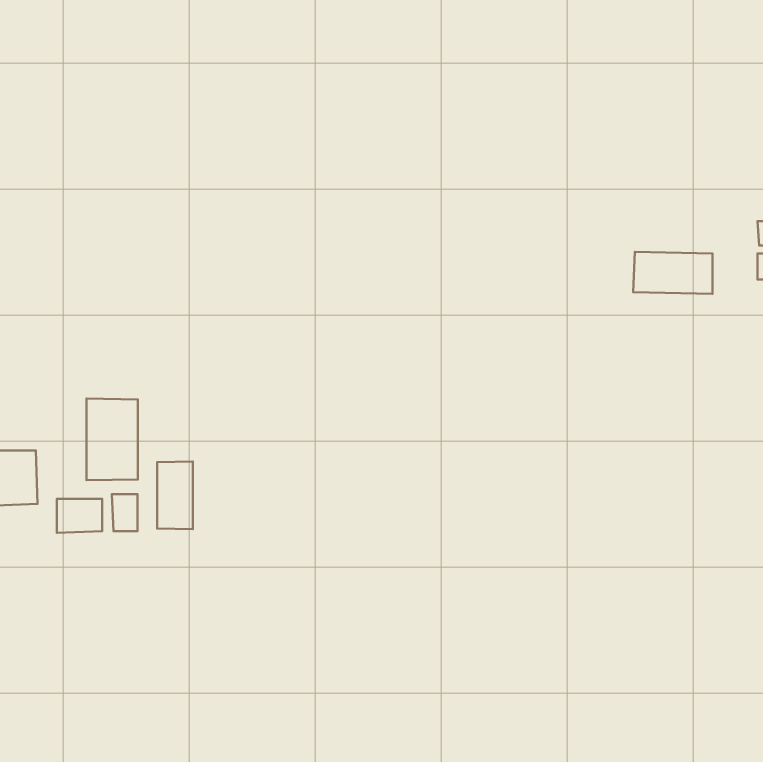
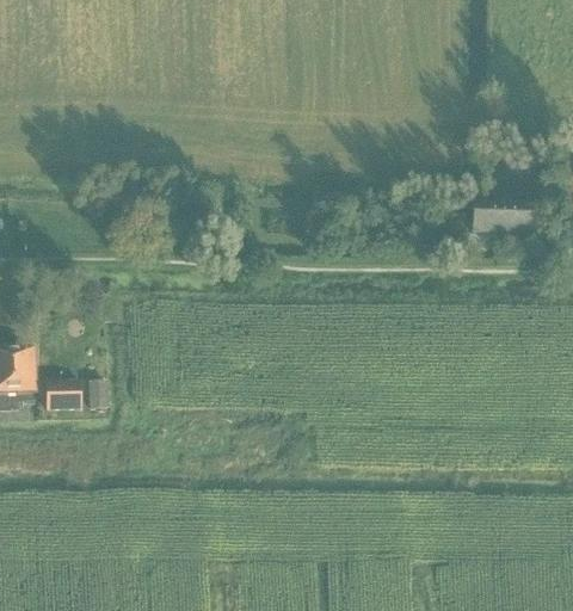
building: [87,399,138,480] -> none
building: [157,461,193,529] -> none

